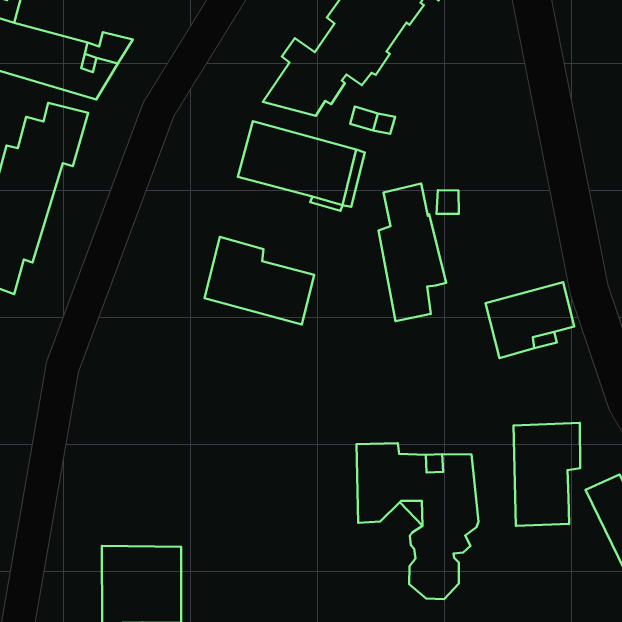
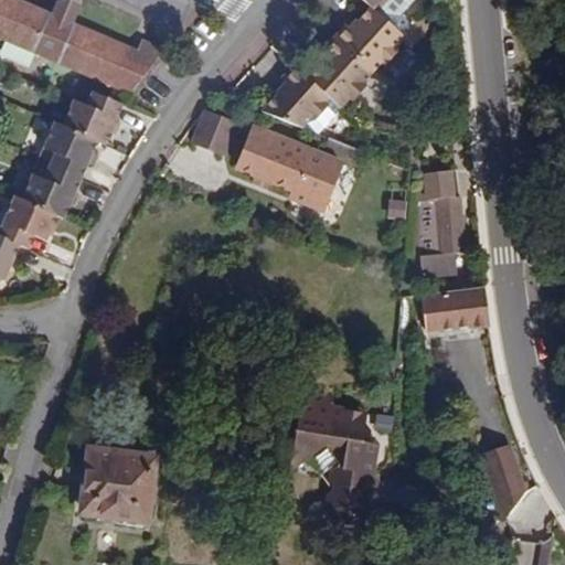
building: none -> [190,108,236,154]
building: [379,183,446,321] -> [416,169,465,276]
building: [204,237,314,324] -> none
building: [514,423,580,526] -> none

